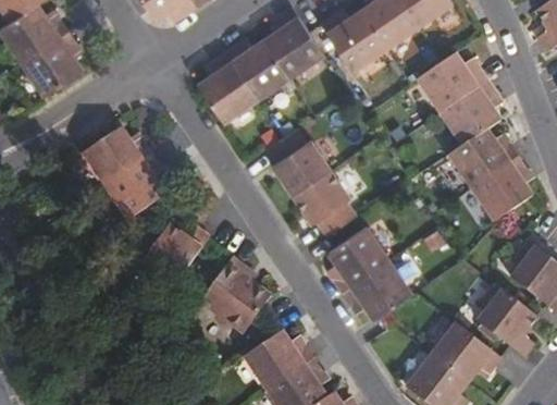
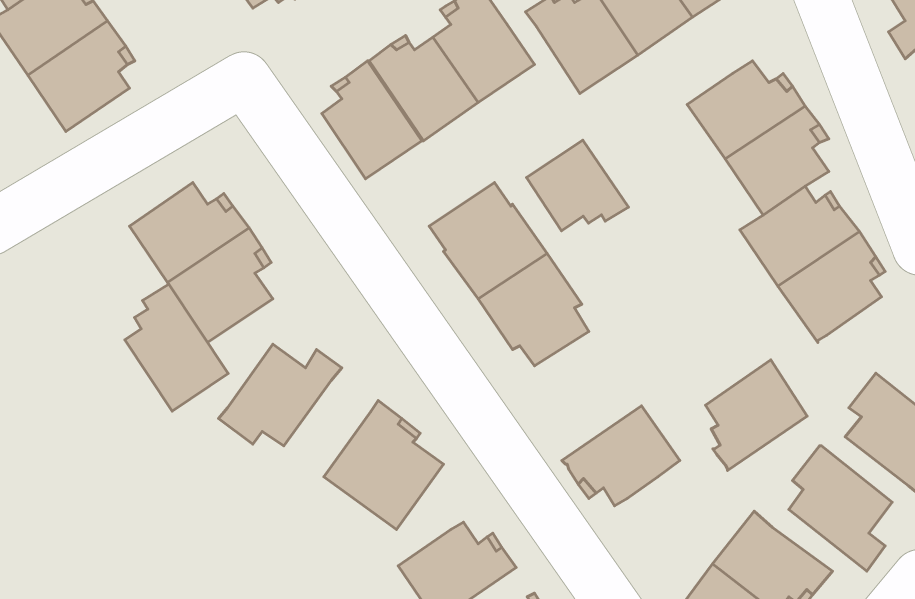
building: none -> [527,140,628,231]
building: none -> [125,284,228,411]
building: [327,225,388,292] -> [706,360,807,471]

